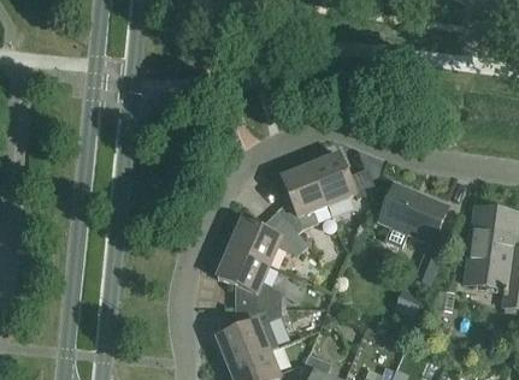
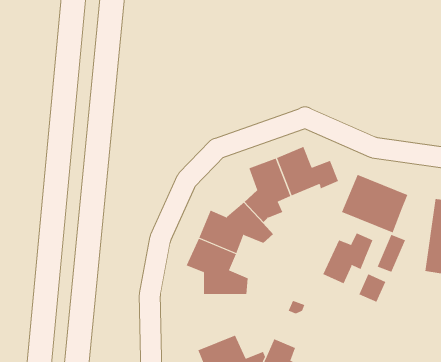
building: none -> [323,233,373,284]
building: [217,307,281,364] -> none

